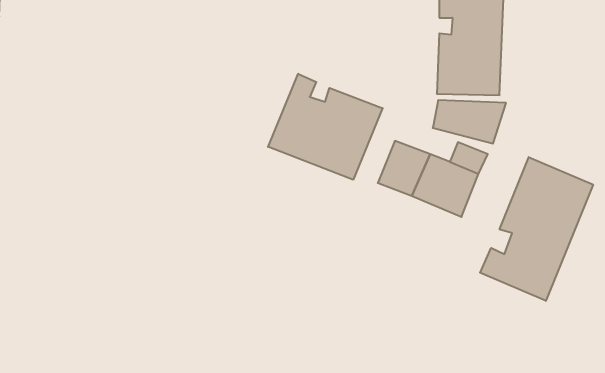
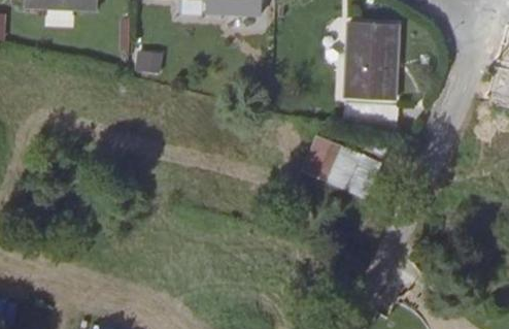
building: [268,74,383,180] -> none
building: [480,157,593,301] -> none

